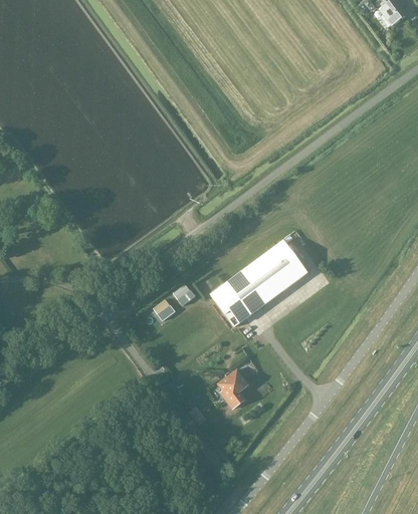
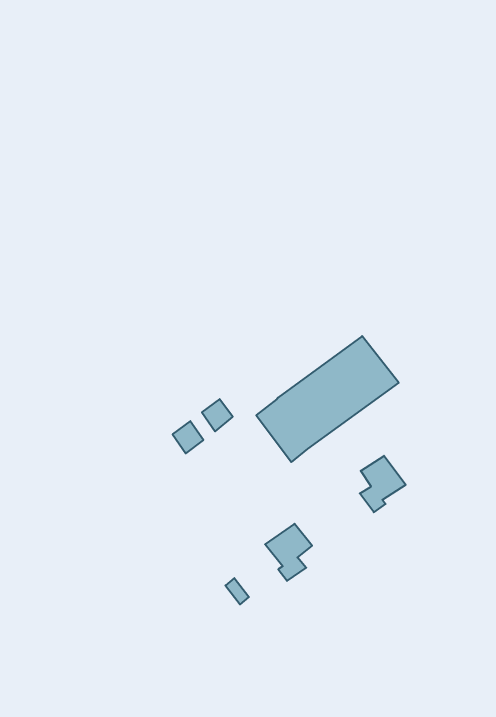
building: none -> [360,456,406,512]

